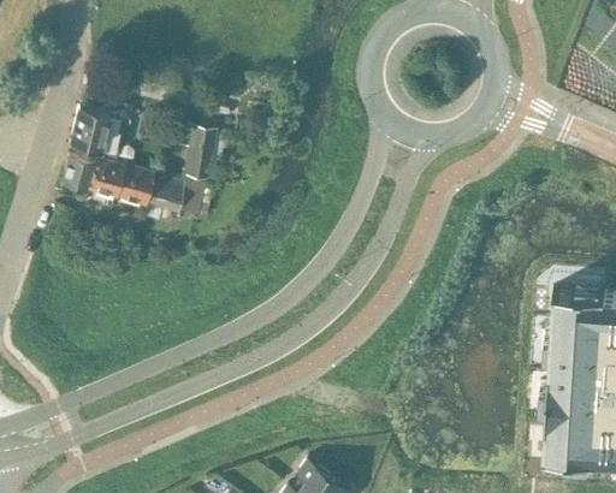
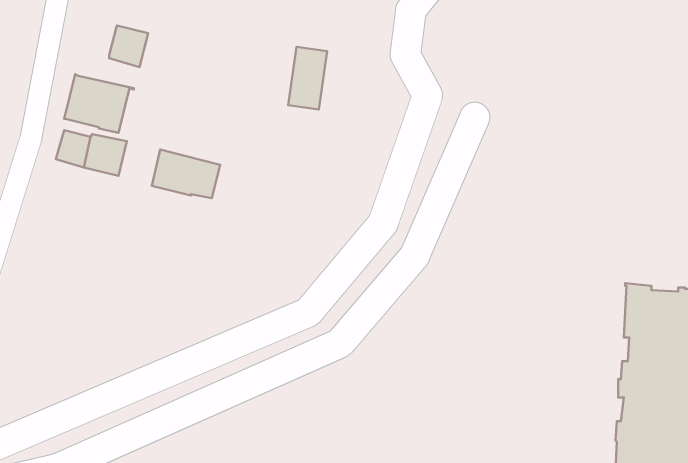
building: none -> [109,25,148,67]
building: [183,127,217,182] -> [288,47,327,109]
building: [116,167,152,206] -> none

